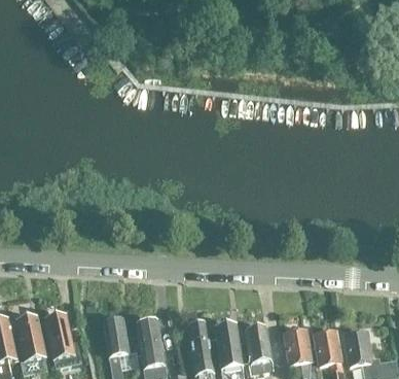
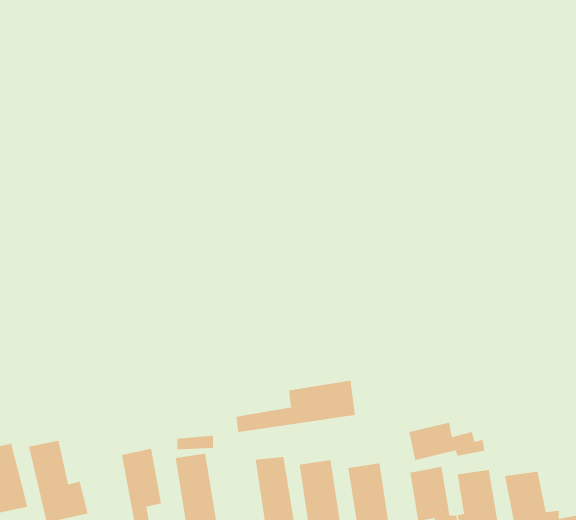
building: none -> [236,380,355,433]
building: none -> [409,422,485,461]

